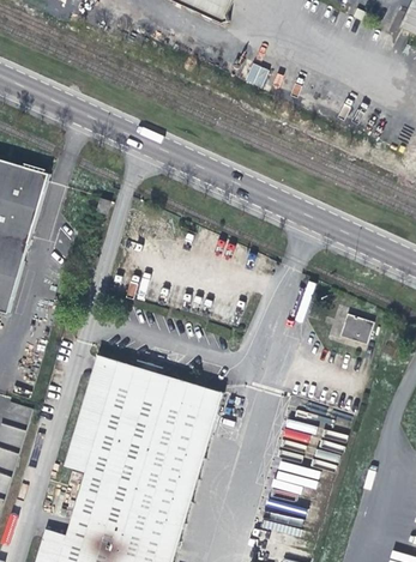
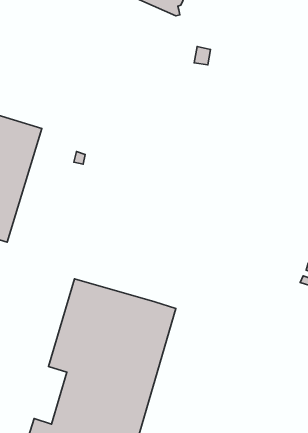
building: [338,310,372,340] -> none

